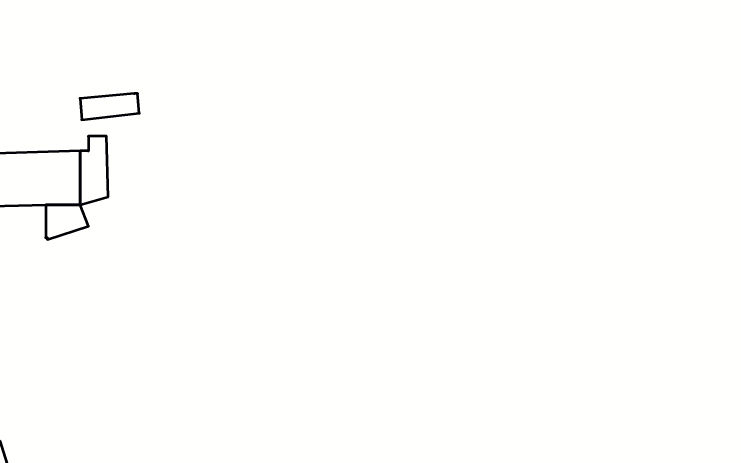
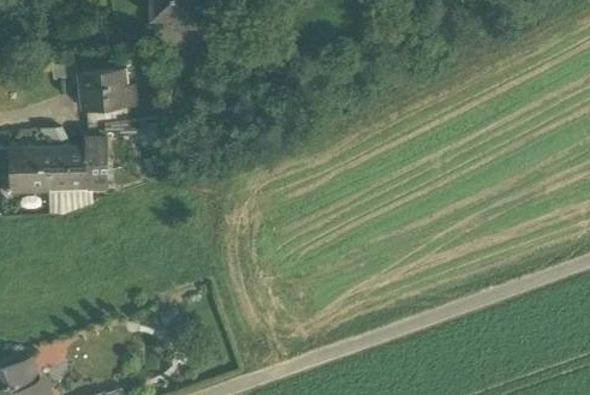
building: none -> [81,64,125,107]

